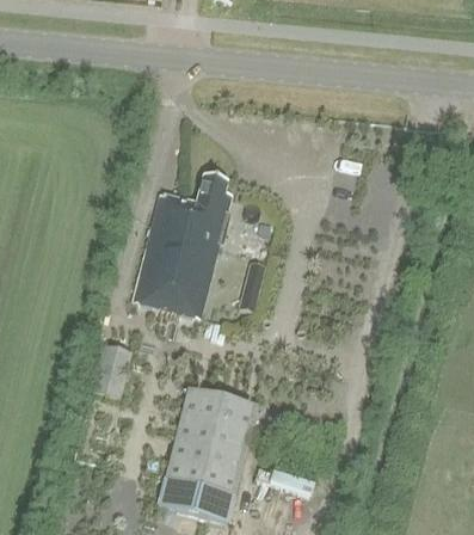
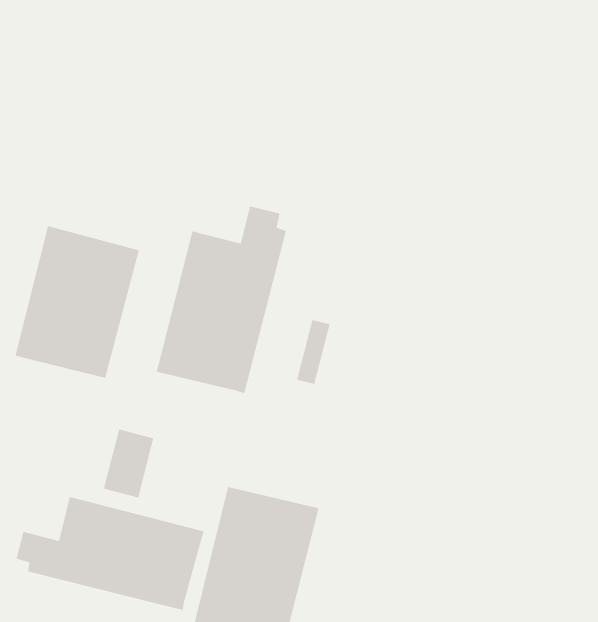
building: none -> [14,225,140,379]
building: none -> [15,496,204,611]

